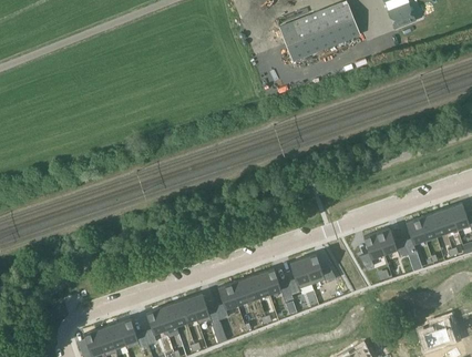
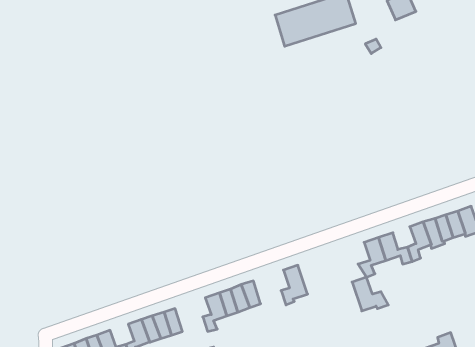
building: [304,252,337,283] -> [352,277,388,311]
building: [263,266,294,299] -> none
building: [191,292,220,322] -> none

